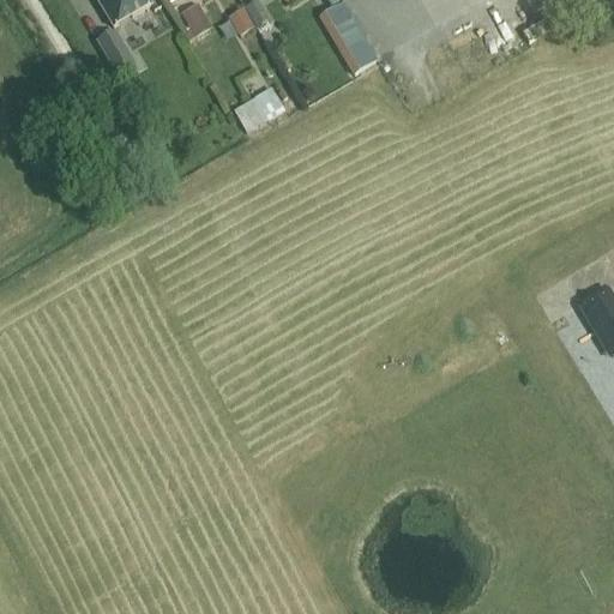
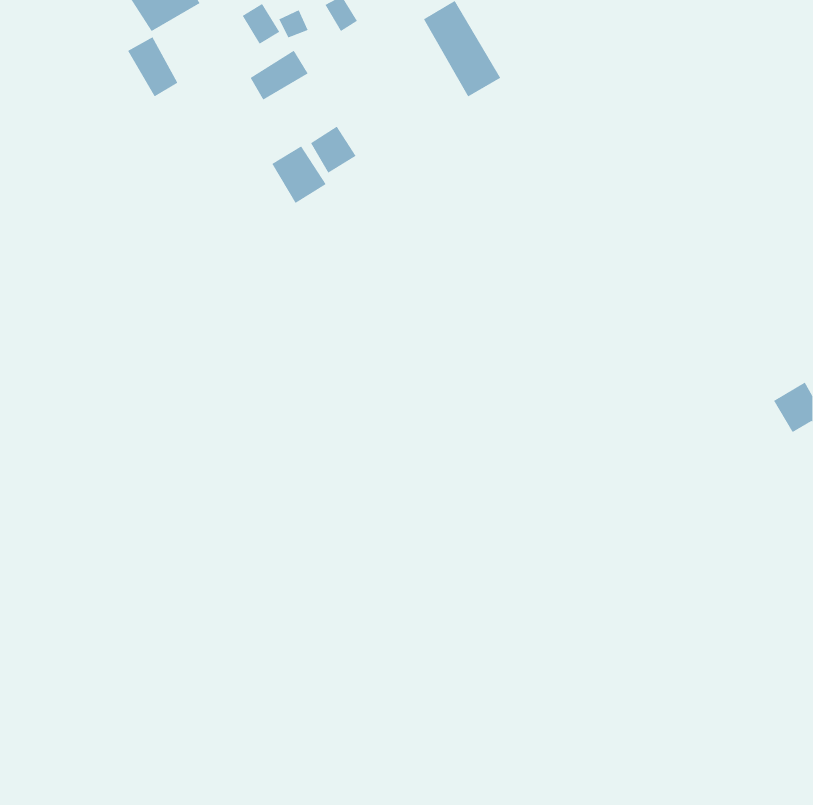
building: none -> [250,50,309,101]
building: none -> [271,146,326,204]

